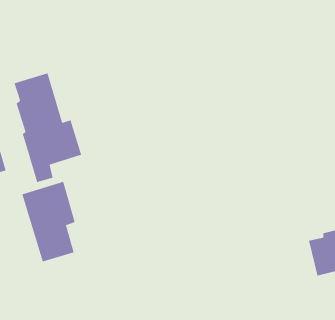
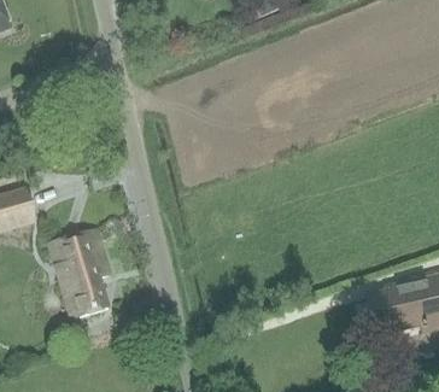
building: [14,72,82,183] -> none

